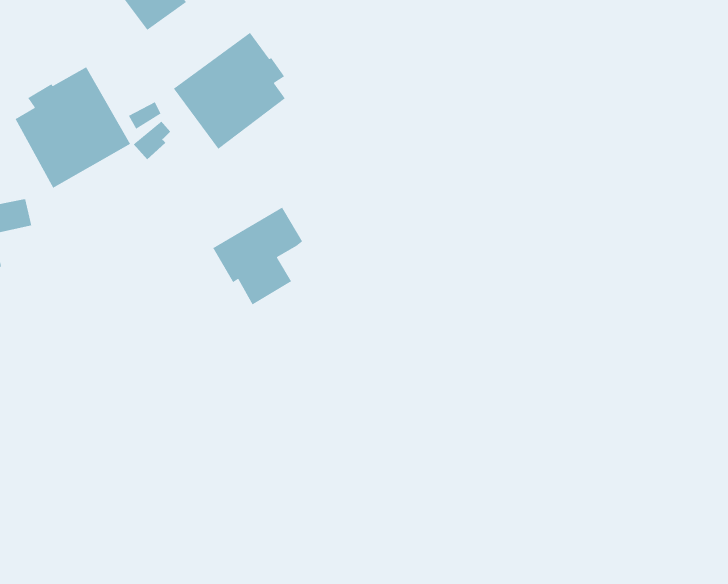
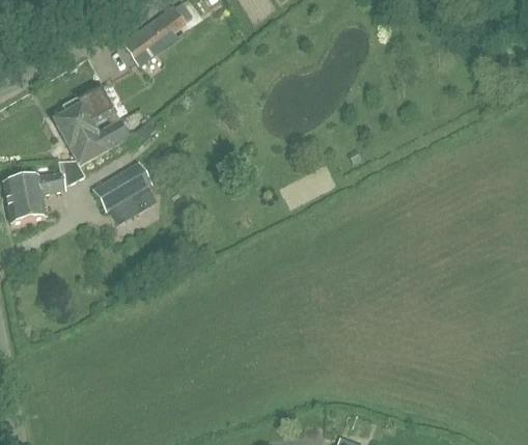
building: [173,32,286,150] -> none
building: [212,206,303,305] -> [93,160,152,224]

